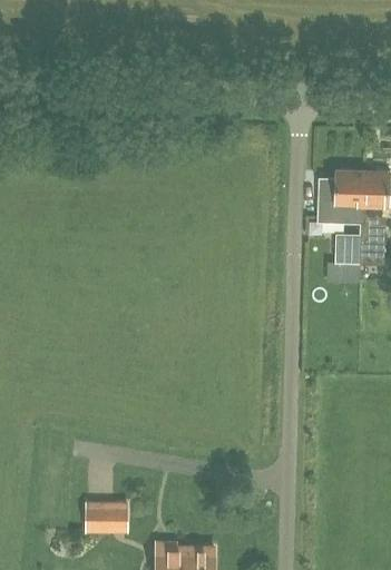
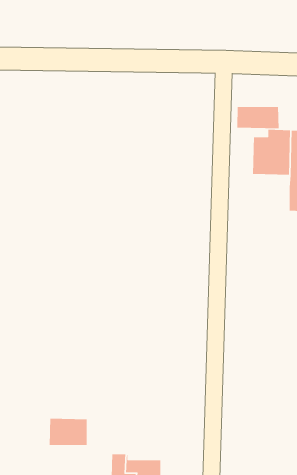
building: none -> [236,106,279,129]
building: [335,235,360,264] -> none

